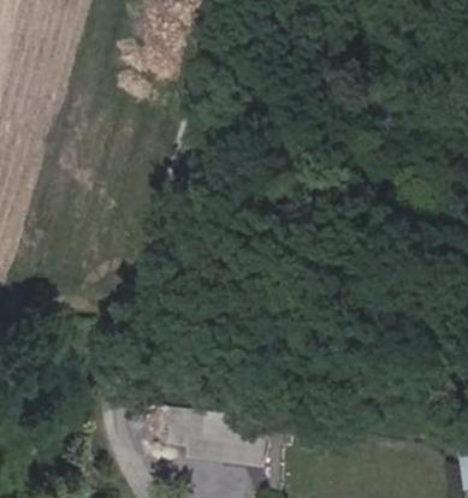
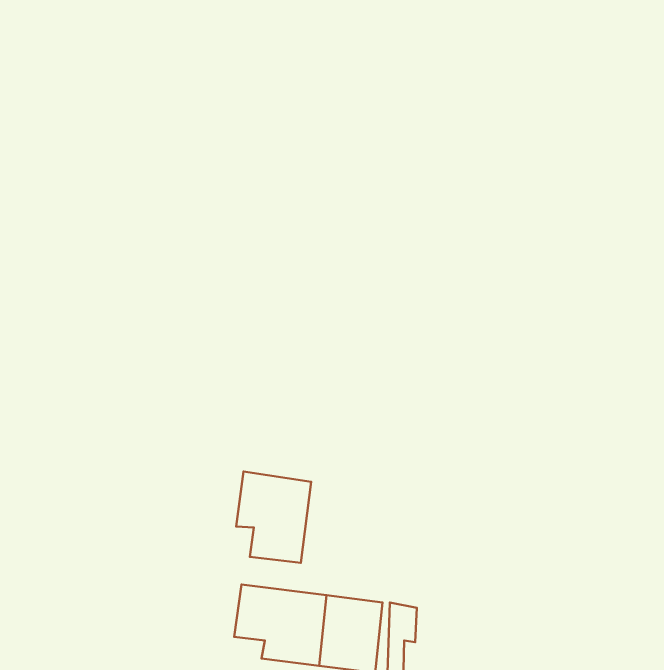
building: none -> [236,472,311,563]

